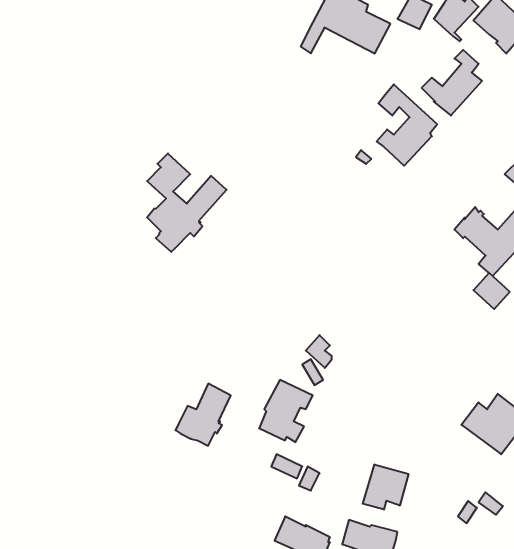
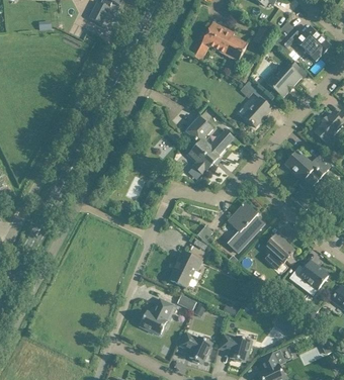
building: [147,153,227,252] -> [187,116,234,174]
building: none -> [228,202,263,254]
building: none -> [264,232,293,263]
building: [175,384,231,446] -> [140,298,172,335]
building: [363,464,408,510] -> none

